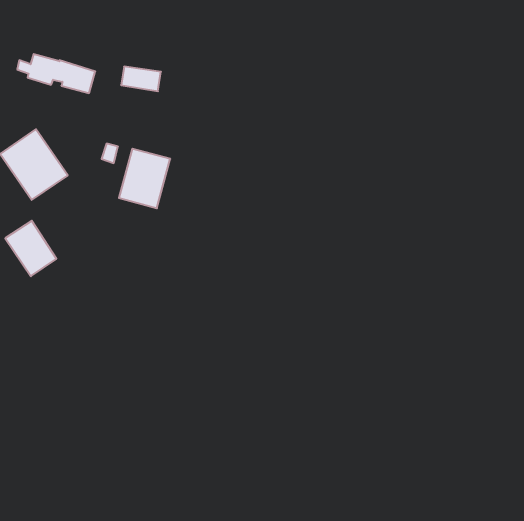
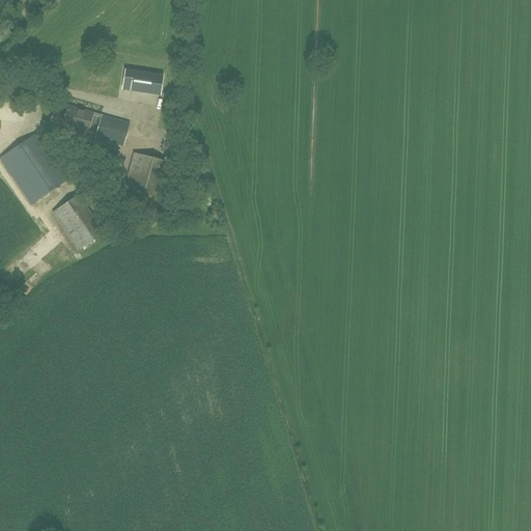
building: [17,54,95,93] -> [51,104,130,143]
building: [5,221,56,276] -> [52,193,104,249]

